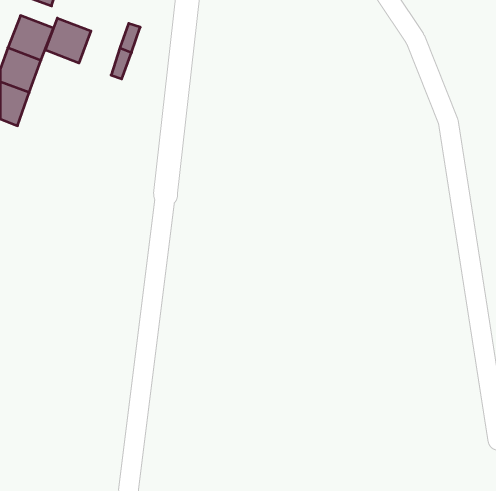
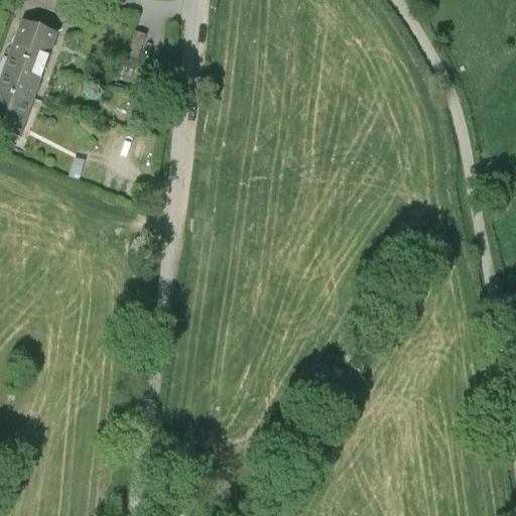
building: [45,18,91,63] -> none

